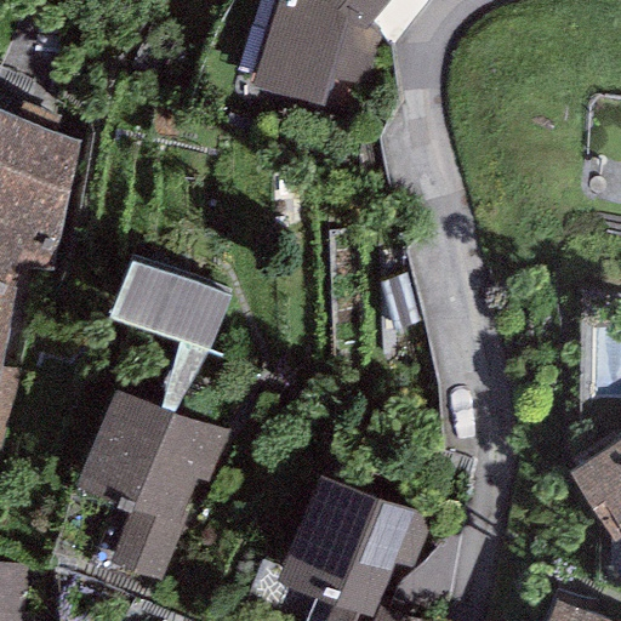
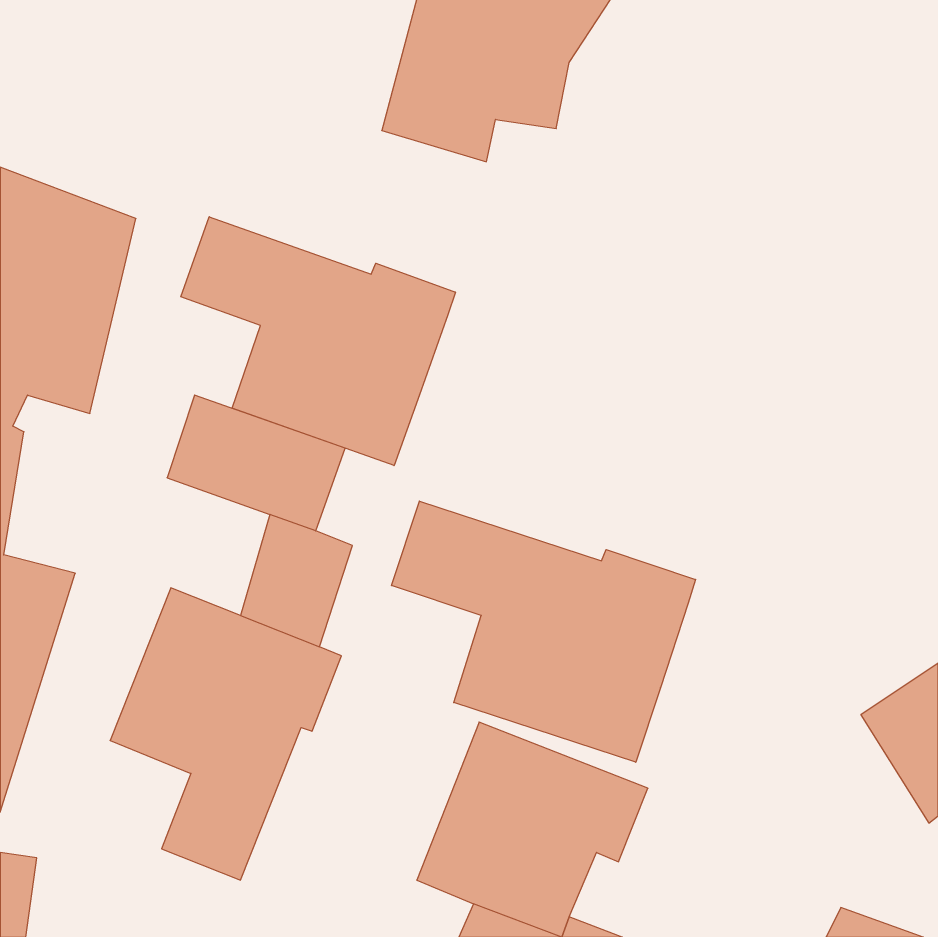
building: none -> [181,217,455,466]
building: none -> [392,501,696,762]

